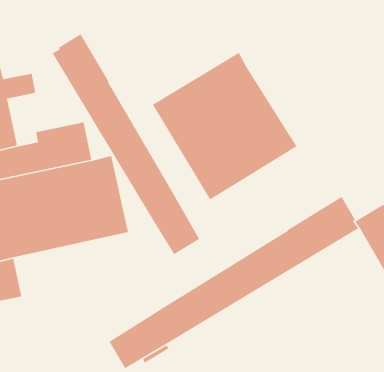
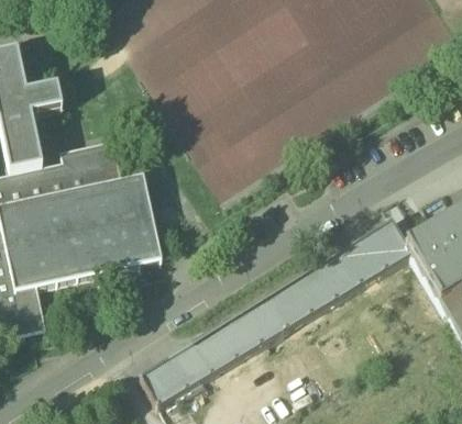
building: [51,33,200,255] -> none
building: [152,52,297,201] -> none

